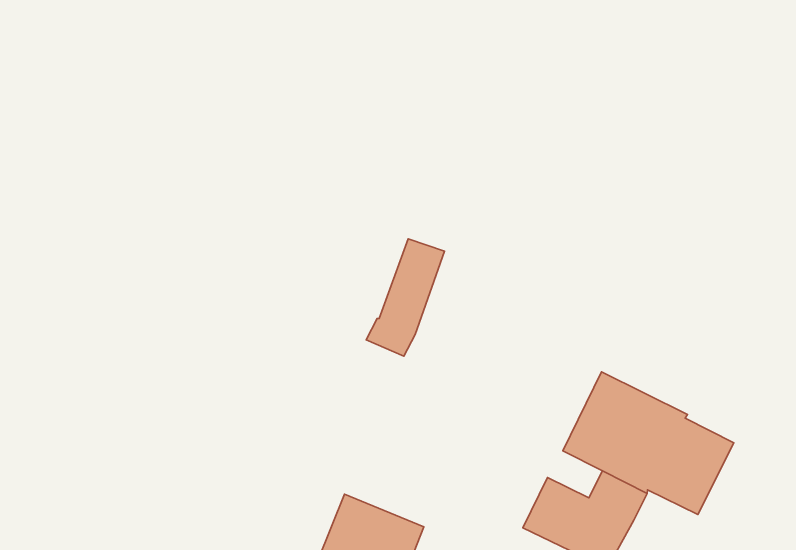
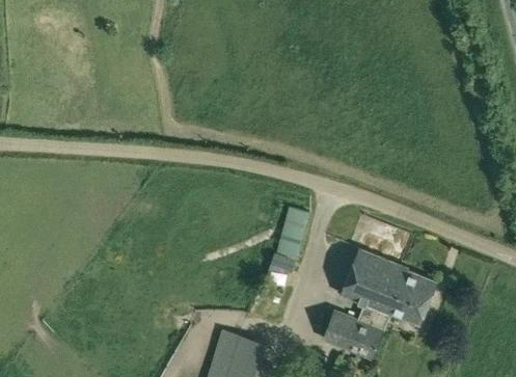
building: [366,239,445,356] -> [269,208,308,273]

